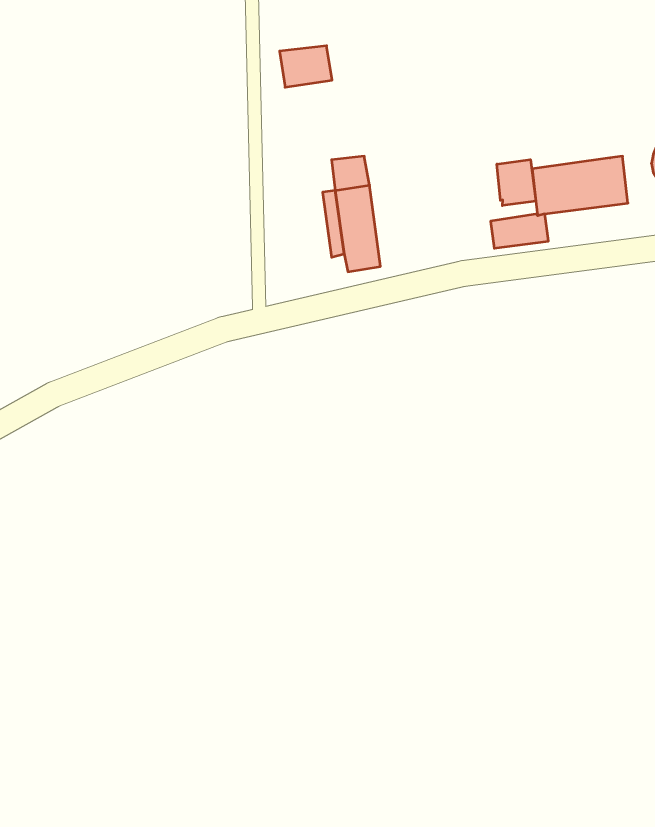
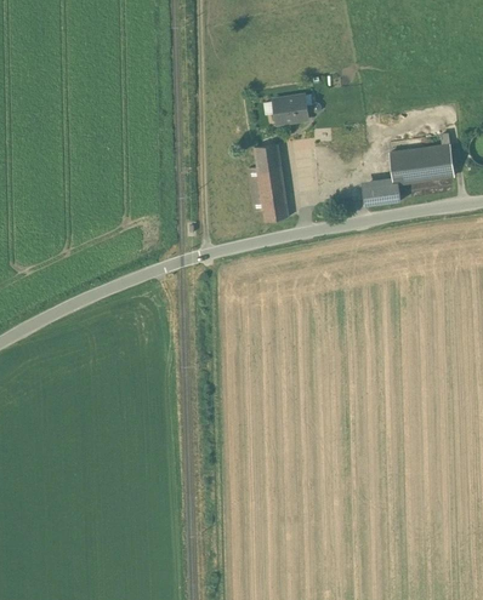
building: [280,46,332,87] -> [273,96,308,124]
building: [497,160,536,206] -> none

